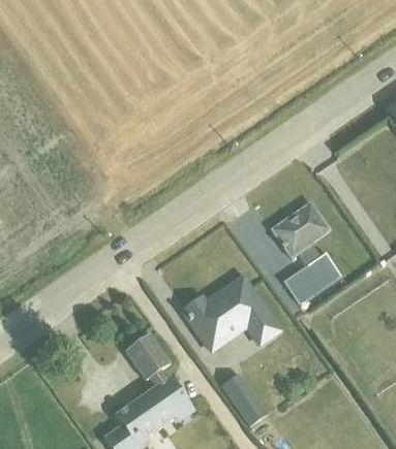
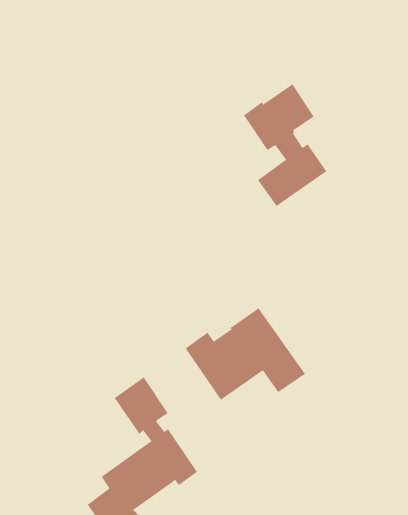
building: [271,202,339,302] -> [243,84,327,207]
building: [221,373,266,425] -> none

